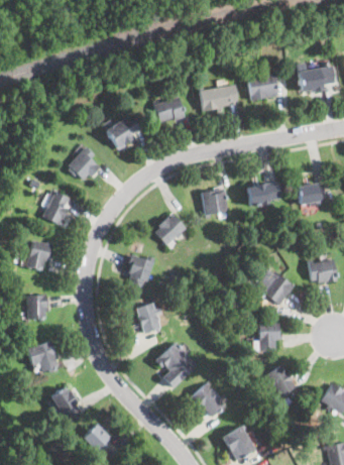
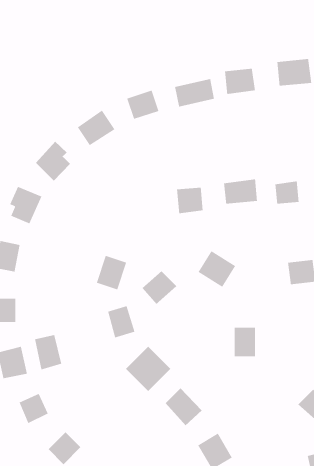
building: [153,214,188,247] -> [142,270,177,305]
building: [256,269,294,306] -> [197,250,236,288]
building: none -> [34,334,62,370]
building: [266,365,297,398] -> none

